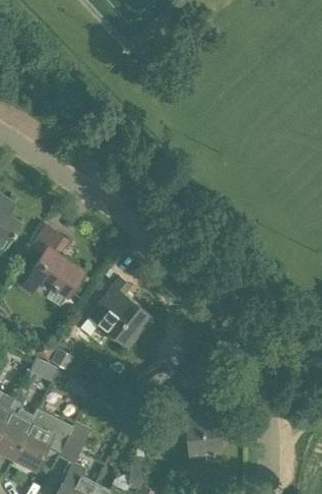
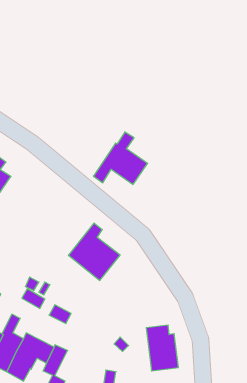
building: [18,234,83,297] -> [93,132,148,184]

